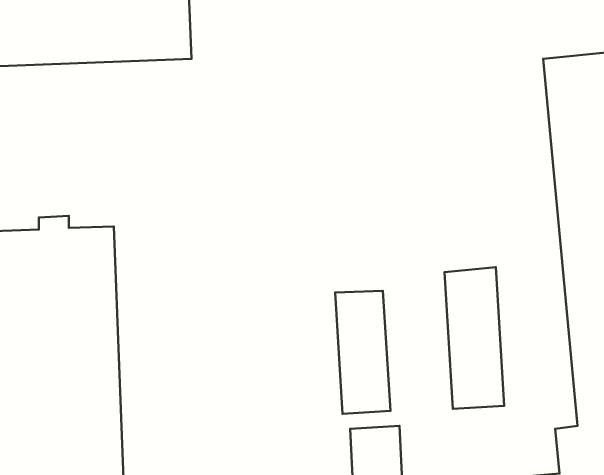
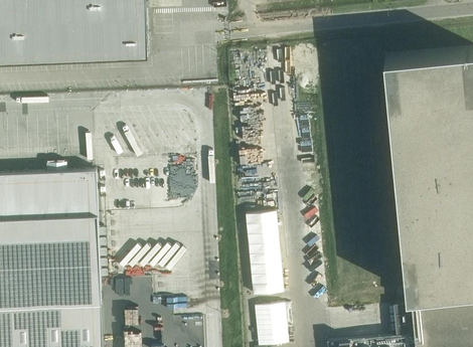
building: [444,267,504,409] -> none

